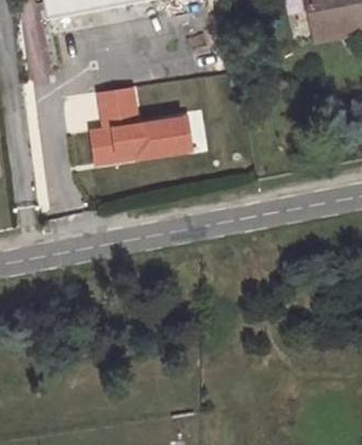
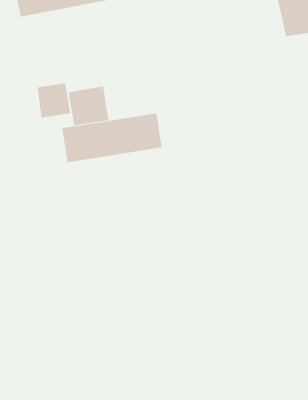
building: none -> [37,82,71,118]

